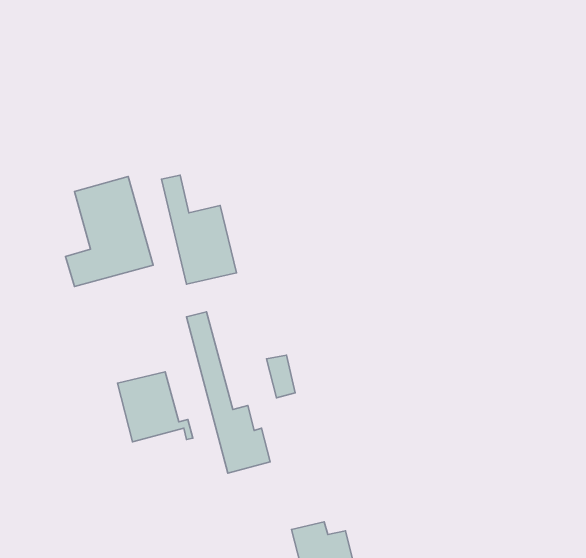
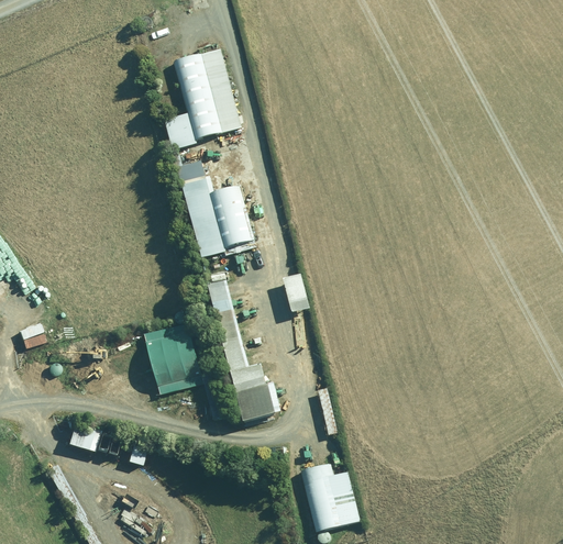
building: [66,176,153,287] -> [164,48,241,145]
building: [266,355,295,398] -> [283,274,308,311]
building: none -> [66,426,97,451]

